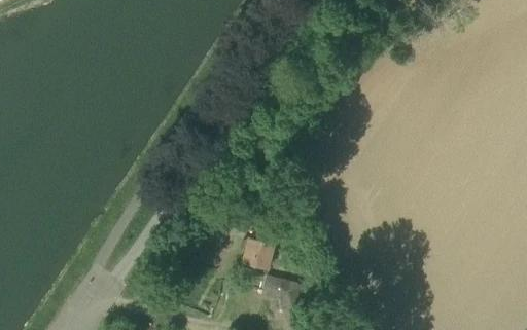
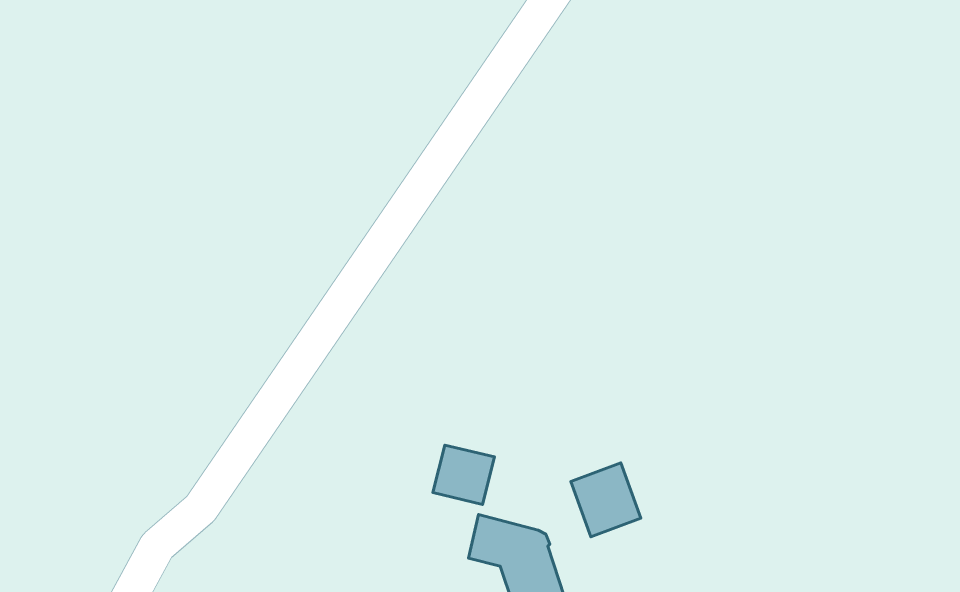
building: none -> [571,463,641,537]

